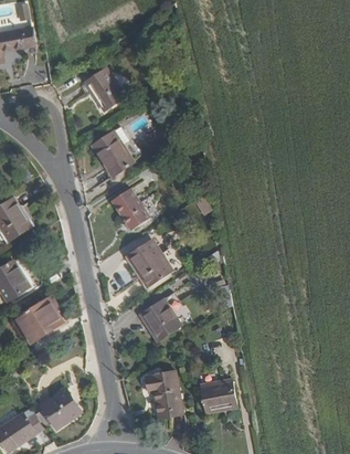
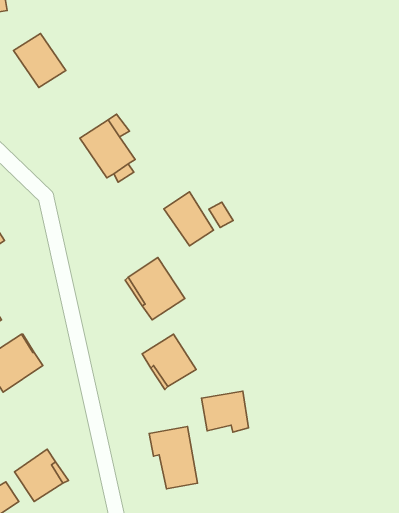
building: [84,68,125,110] -> [13,34,66,87]
building: [110,188,149,230] -> [164,192,214,246]
building: [200,379,236,411] -> [202,391,248,432]

